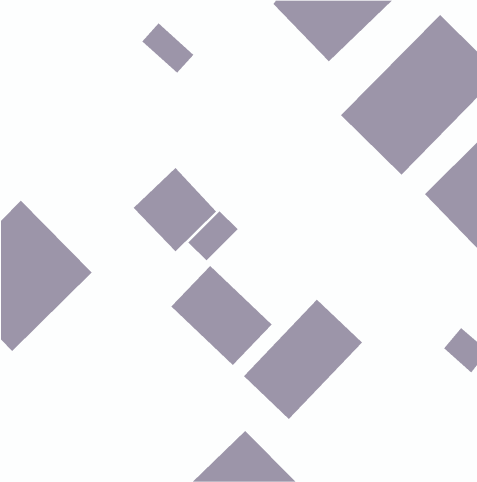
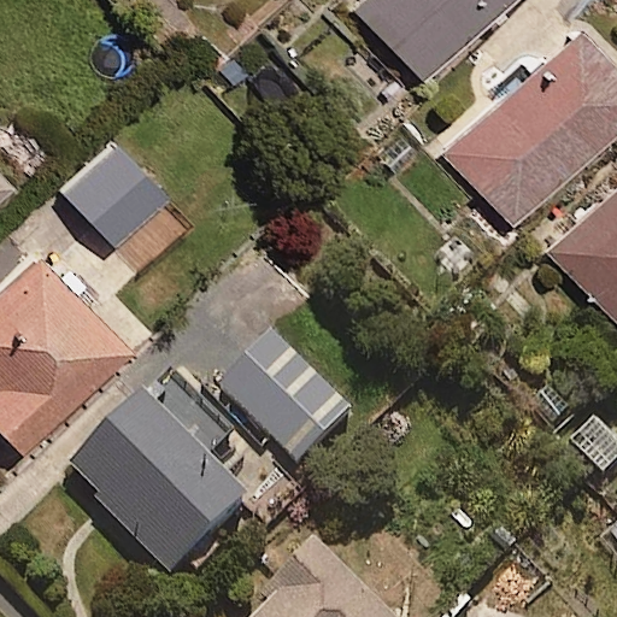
building: [133,167,217,252] -> [59,137,166,246]
building: [243,299,363,420] -> none
building: none -> [74,402,246,577]

